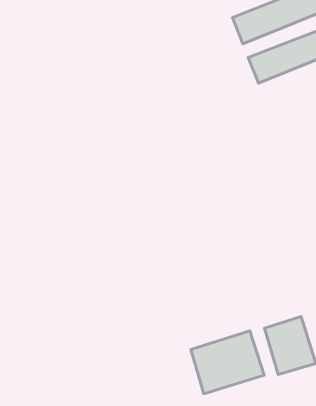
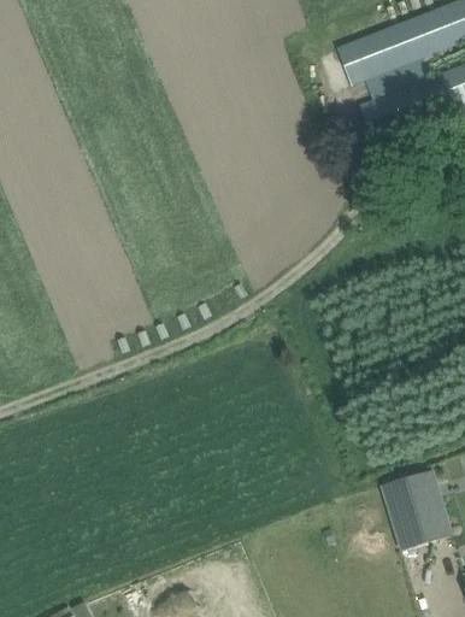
building: [191,331,264,394] -> none

